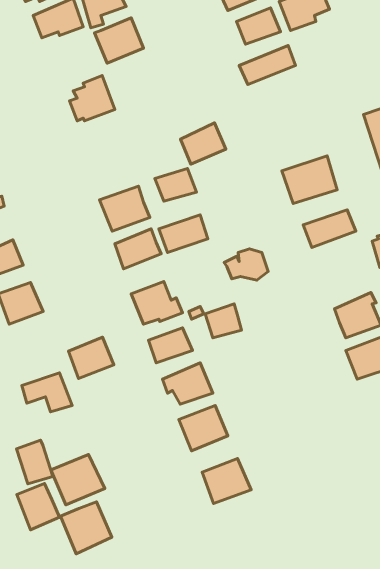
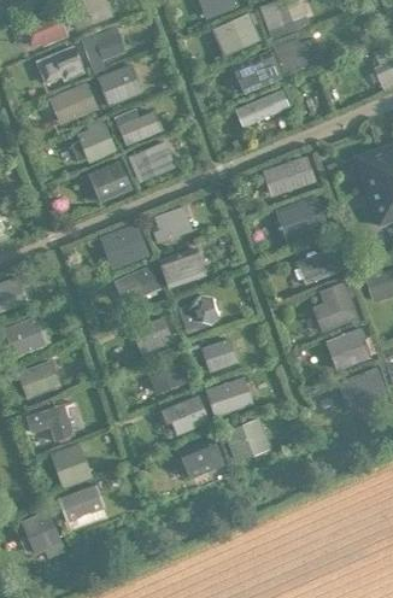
building: none -> [48,83,96,125]
building: none -> [115,109,164,143]
building: none -> [264,158,311,198]
building: none -> [88,159,133,203]
building: [181,123,226,164] -> [133,140,176,180]
building: none -> [313,282,358,332]
building: [224,249,268,280] -> [177,295,219,326]
building: [68,337,114,379] -> [18,359,61,399]
building: none -> [203,376,252,417]
building: [16,440,53,484] -> [54,444,89,486]
building: [202,458,251,504] -> [224,418,271,462]
building: [60,502,112,554] -> none

